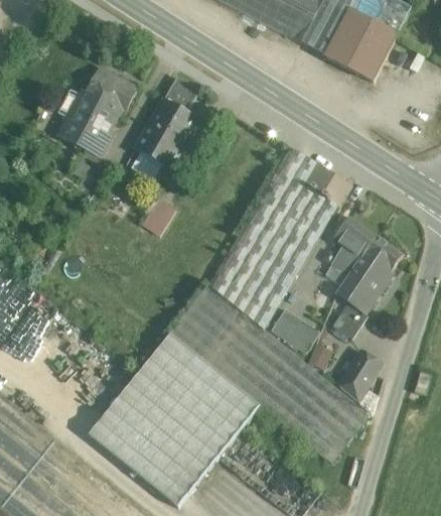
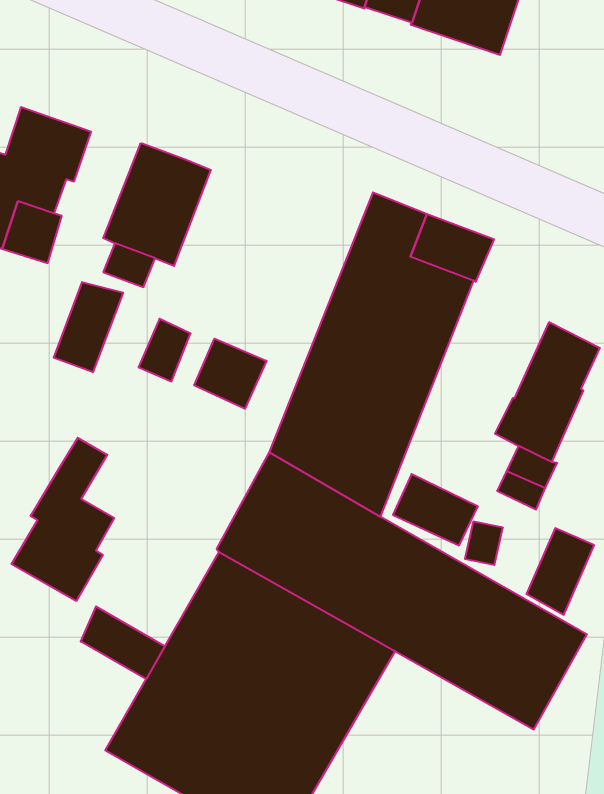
building: [164,76,199,111] -> none
building: none -> [54,282,123,372]
building: none -> [194,339,267,409]
building: [330,216,376,274] -> none
building: none -> [11,438,114,601]
building: none -> [81,606,165,679]

